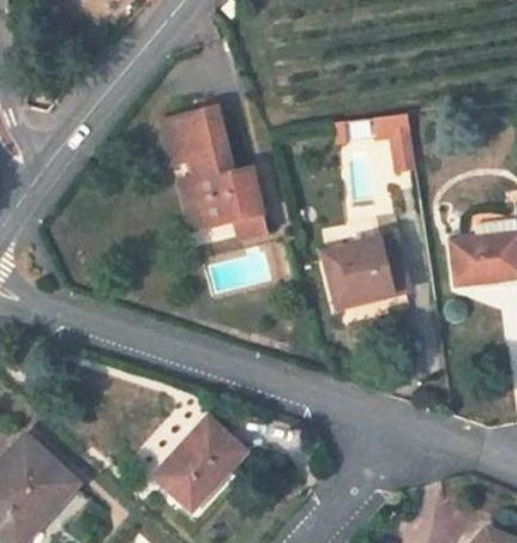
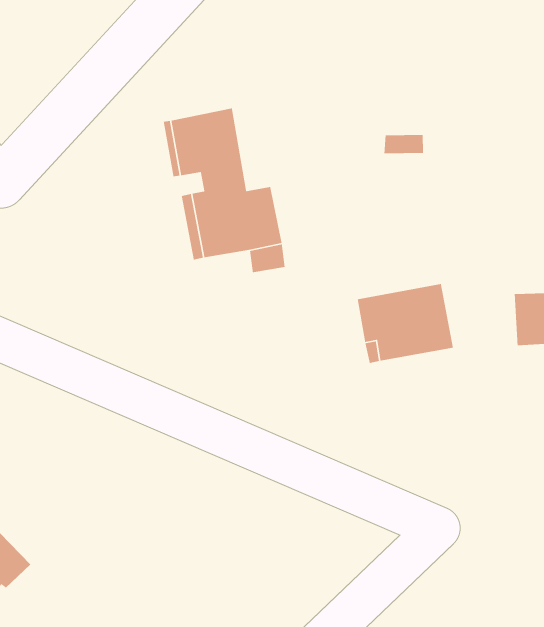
building: [377,115,414,171] -> none
building: [156,421,242,506] -> none

